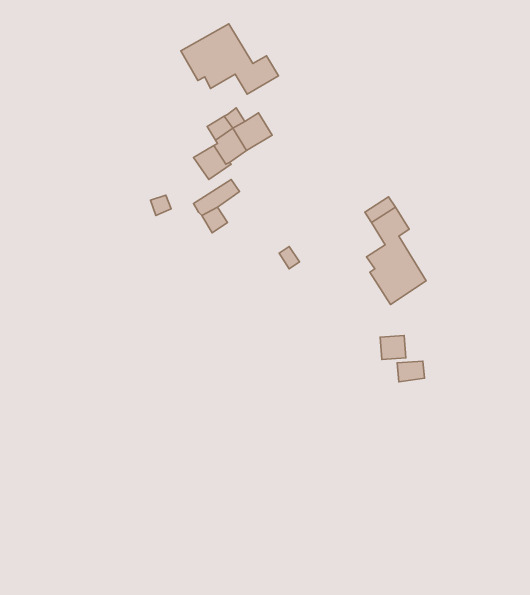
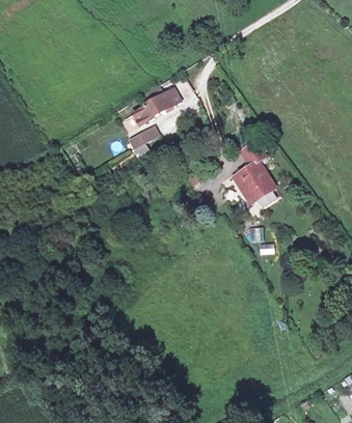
building: [181,24,279,94] -> none

